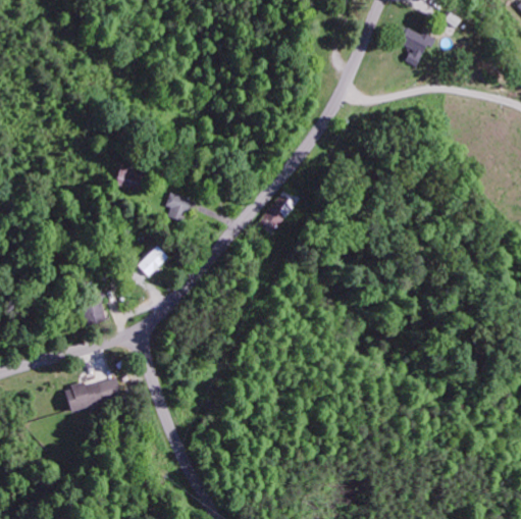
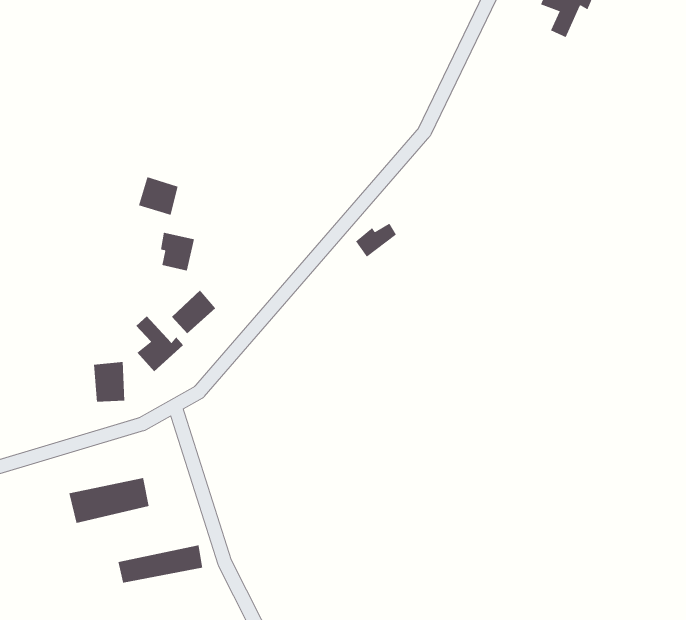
building: [167,194,192,221] -> [160,232,195,271]
building: none -> [136,315,184,372]
building: none -> [118,544,203,584]

